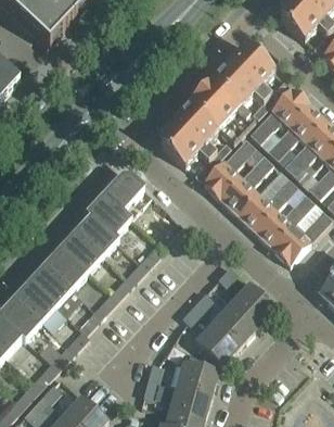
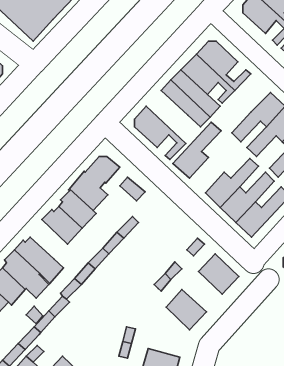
building: [251,86,310,140] -> none
building: [174,101,231,160] -> none
building: [221,153,273,214] -> none
building: [46,243,87,287] -> none
building: [213,301,257,346] -> none
building: [176,360,218,395] -> none

